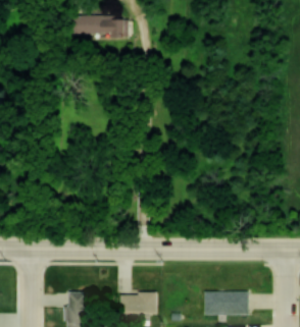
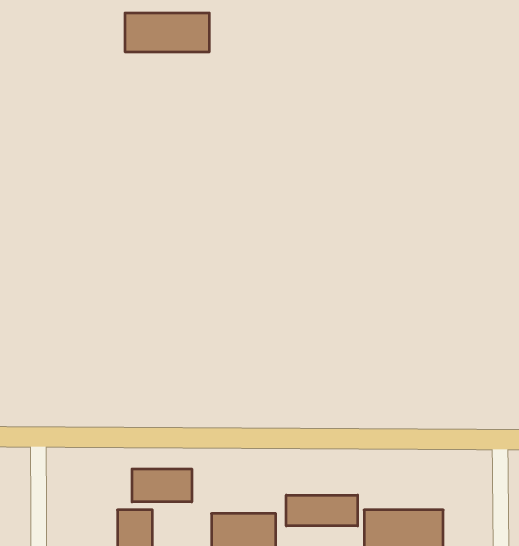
building: none -> [132,469,192,502]
building: none -> [286,495,358,526]

